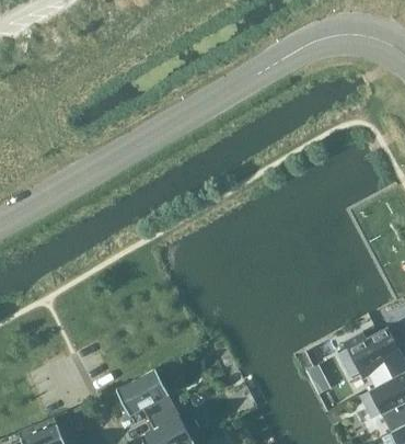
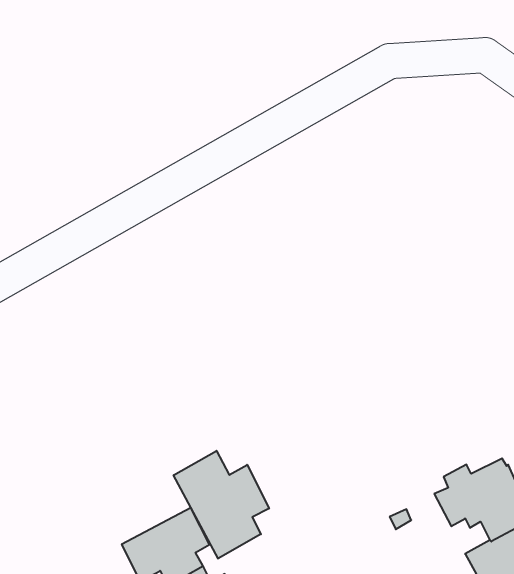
building: none -> [174,451,269,559]

